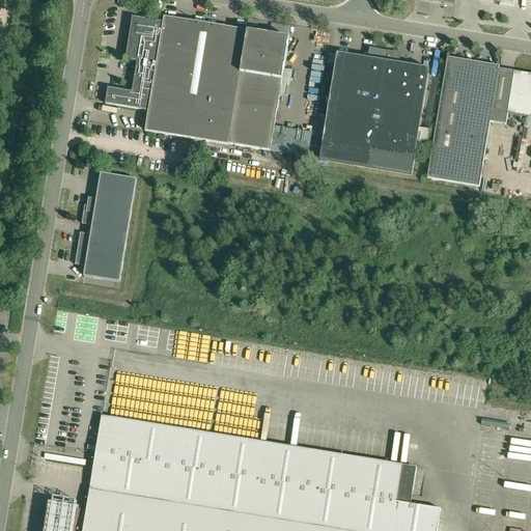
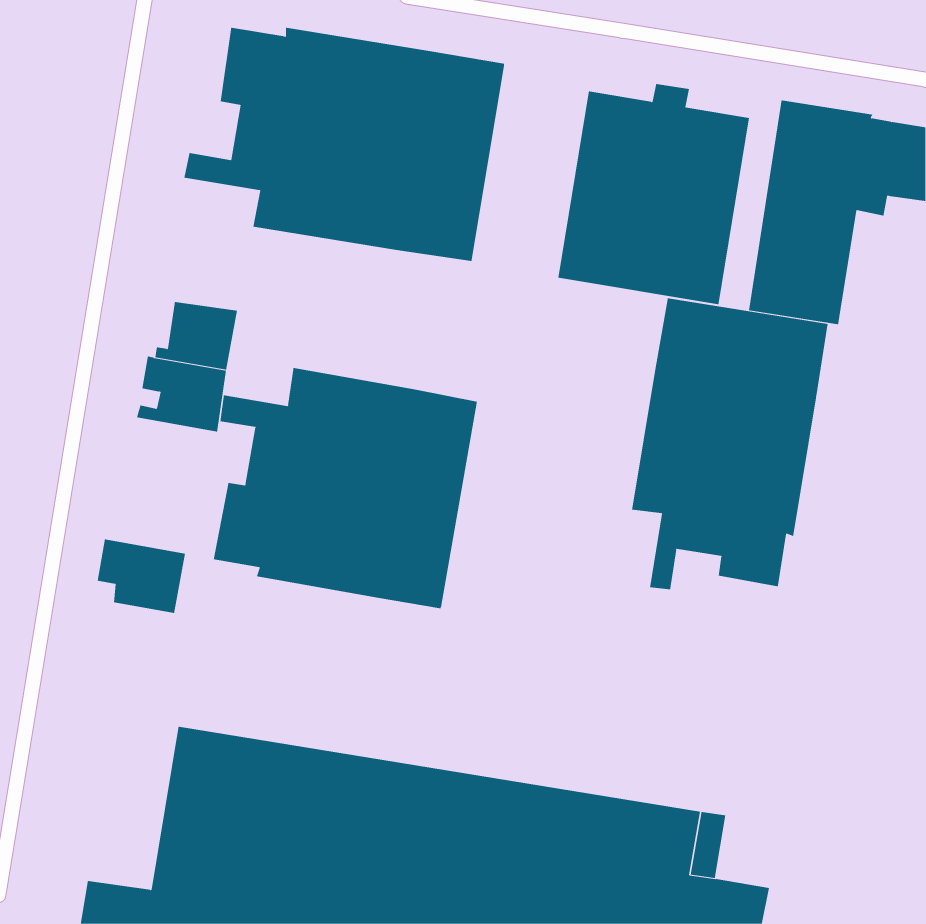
building: none -> [632,298,828,590]
building: none -> [213,367,477,609]
building: [74,239,124,281] -> [97,539,186,613]

